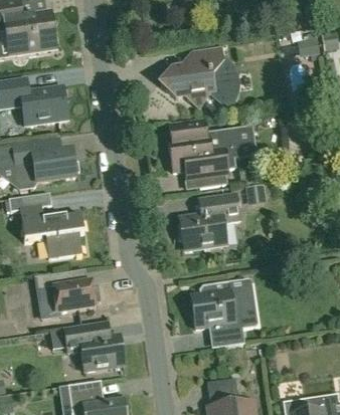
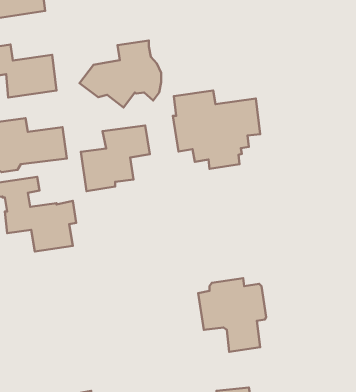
building: [160,46,231,105] -> [80,41,161,107]
building: [179,193,239,250] -> [81,125,150,191]
building: [36,271,101,314] -> none
building: [64,321,124,370] -> none

